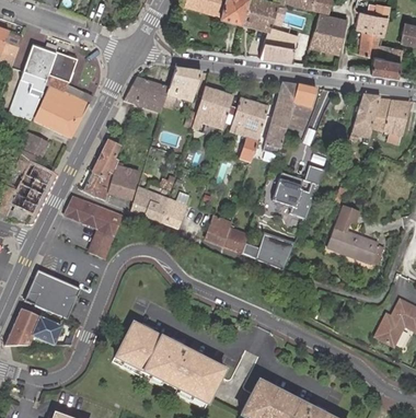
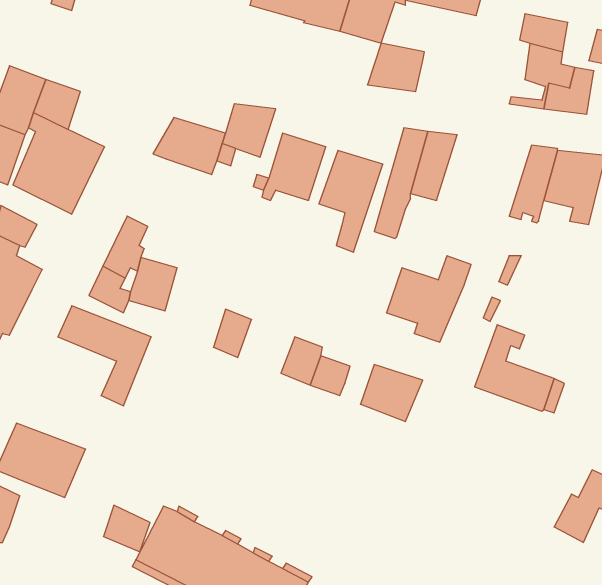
building: [310,13,347,53] -> none
building: [130,186,170,222] -> none
building: [33,316,62,346] -> [103,505,150,552]

